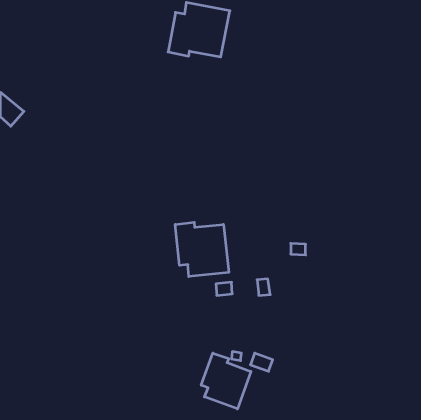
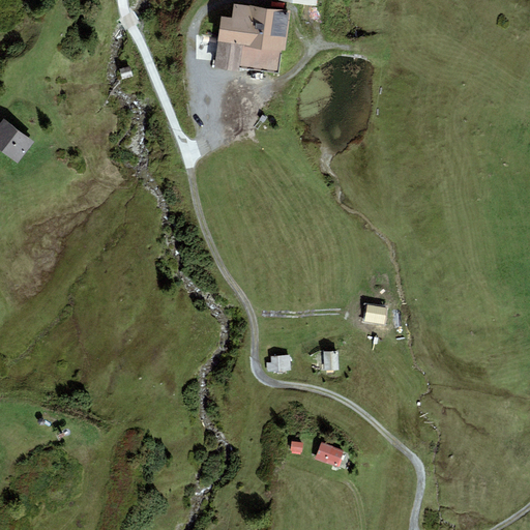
building: [175,222,229,277] -> none
building: [201,353,251,409] -> none

